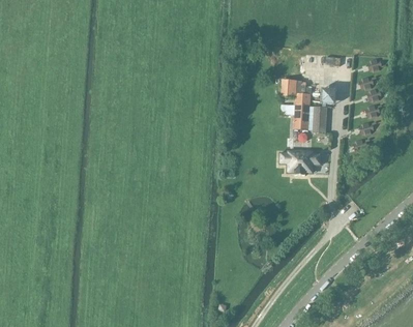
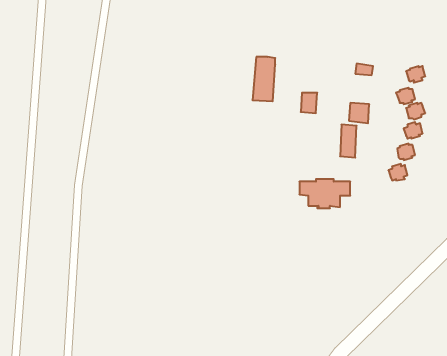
building: [295,93,314,129] -> [252,57,275,101]

